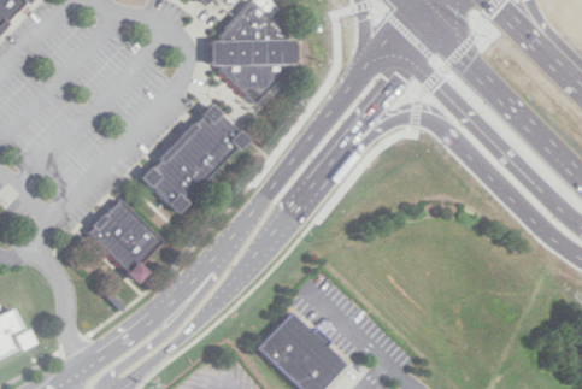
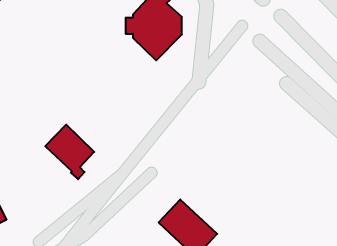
building: [139,104,247,213] -> none

